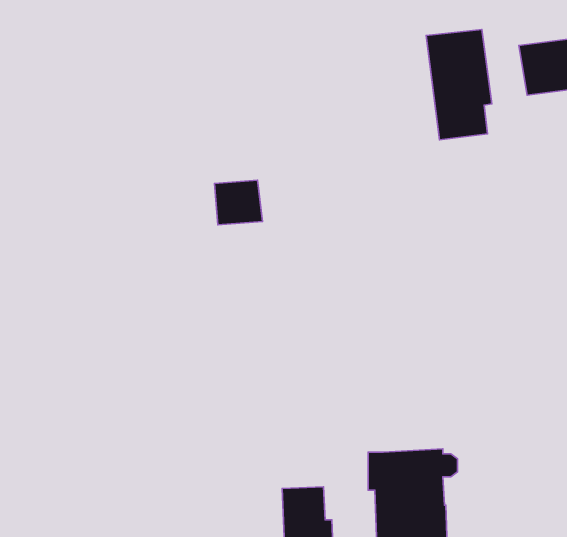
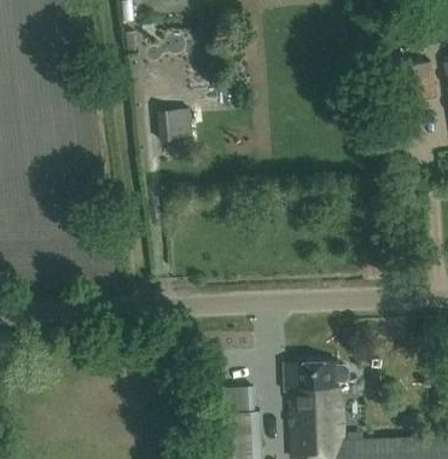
building: [426,29,492,140] -> none
building: [215,180,262,225] -> [158,108,193,140]

